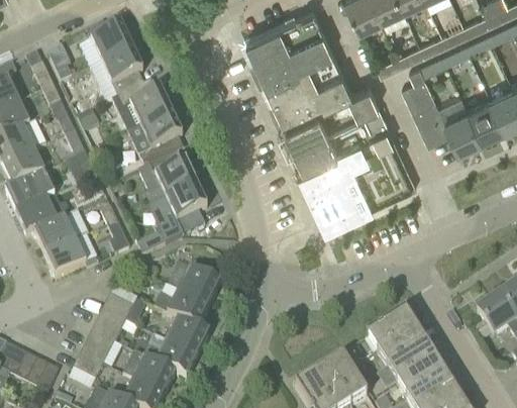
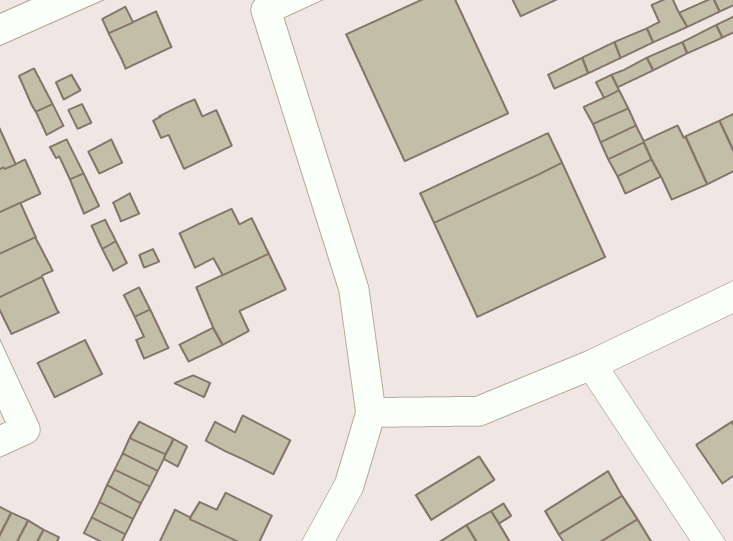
building: [90,53,143,107] -> none
building: [285,88,379,148] -> none
building: [129,117,183,171] -> none
building: [34,214,88,260] -> none
building: [170,267,221,310] -> none
building: [367,315,418,356] -> [416,457,494,520]
building: [168,322,209,360] -> none

